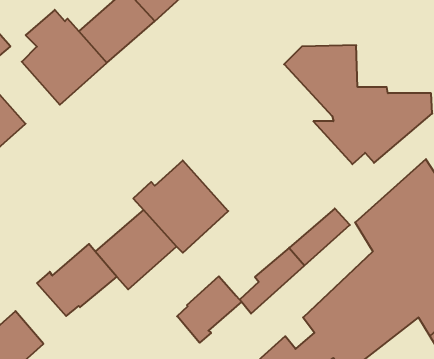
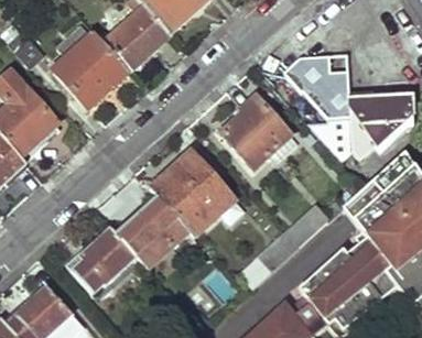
building: none -> [225,95,291,165]
building: [177,276,241,343] -> none

